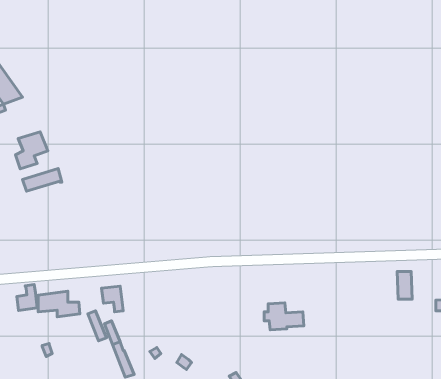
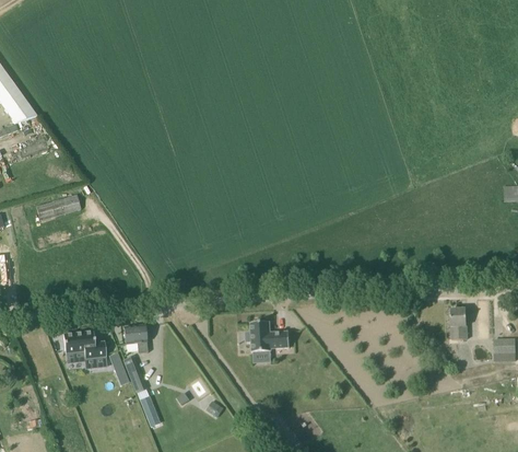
building: [16,132,48,169] -> none
building: [17,284,37,311] -> none
building: [264,303,304,330] -> [247,322,291,351]

